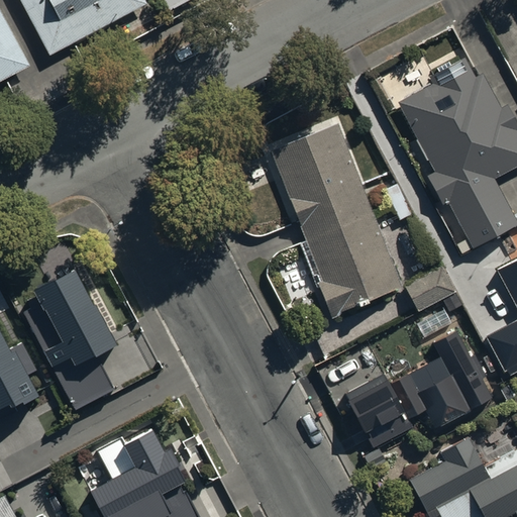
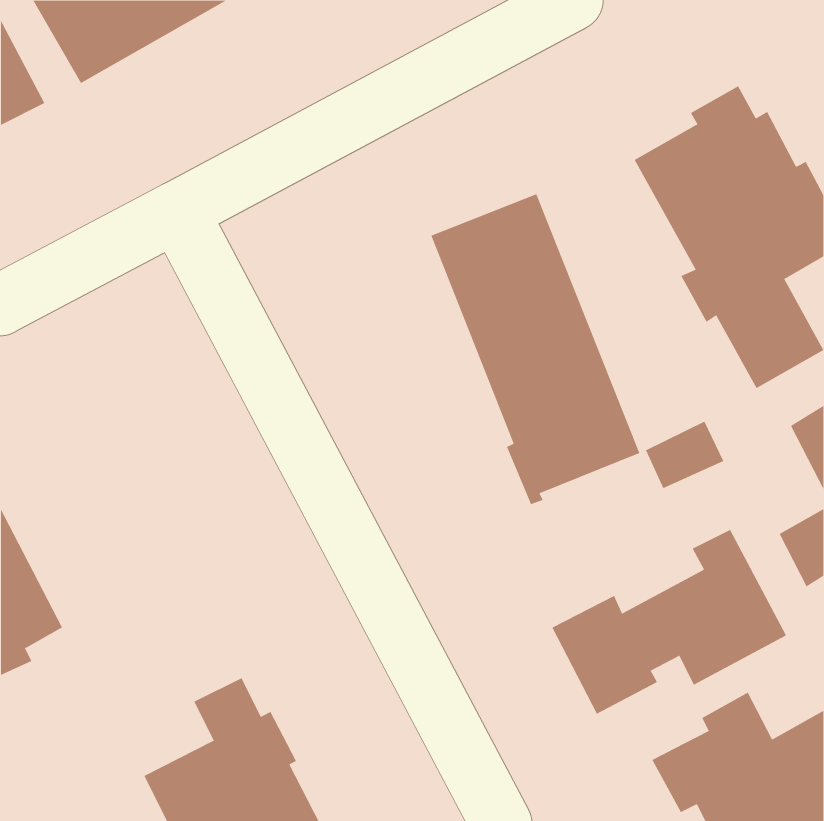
building: [22,268,117,412] -> none

